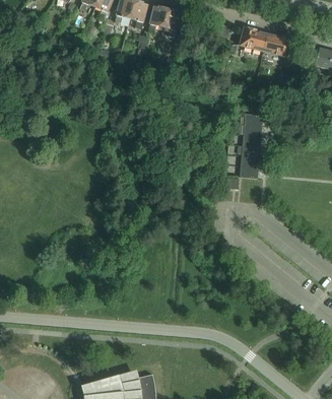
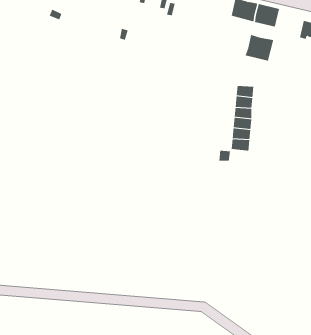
building: none -> [245,34,274,61]

